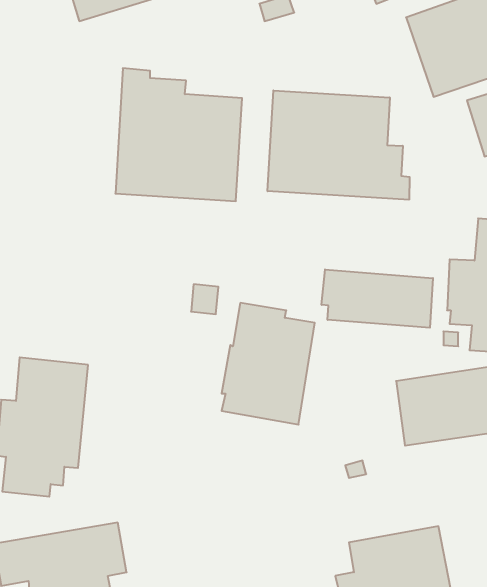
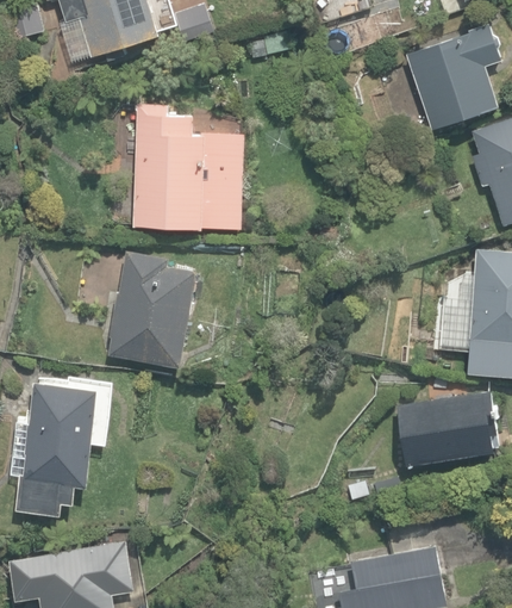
building: [268,90,410,200] -> none
building: [322,269,433,328] -> none
building: [222,303,315,425] -> [108,250,198,367]

